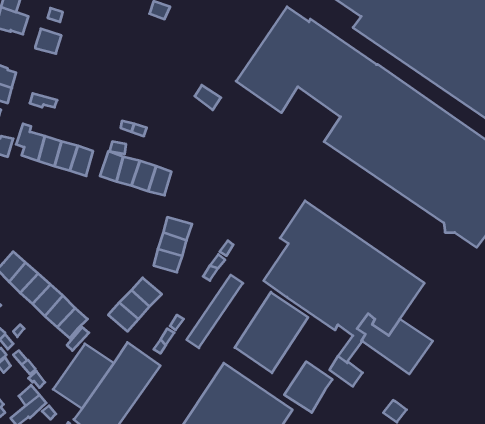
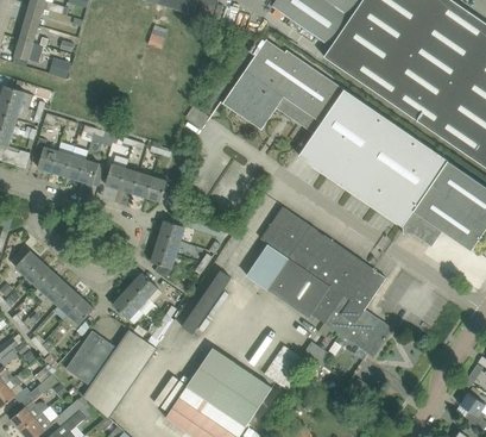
building: [235,292,308,373] -> none

